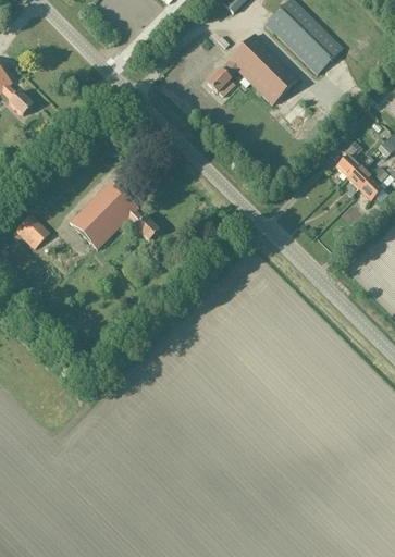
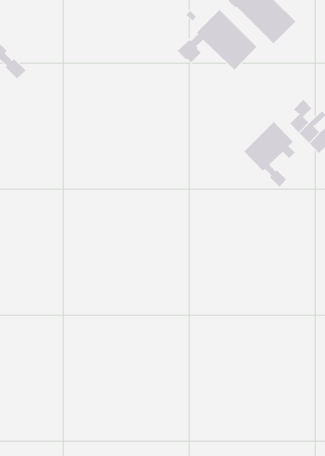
building: none -> [243,121,296,188]
building: [69,181,159,249] -> none
building: [14,213,50,249] -> none

